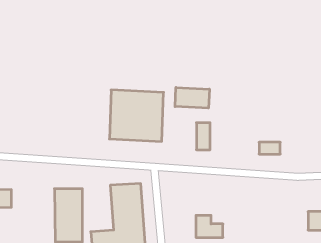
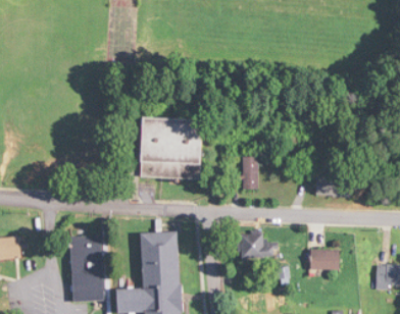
building: [175,87,209,108] -> none
building: none -> [310,250,341,269]
building: [196,215,223,237] -> [244,231,277,258]

